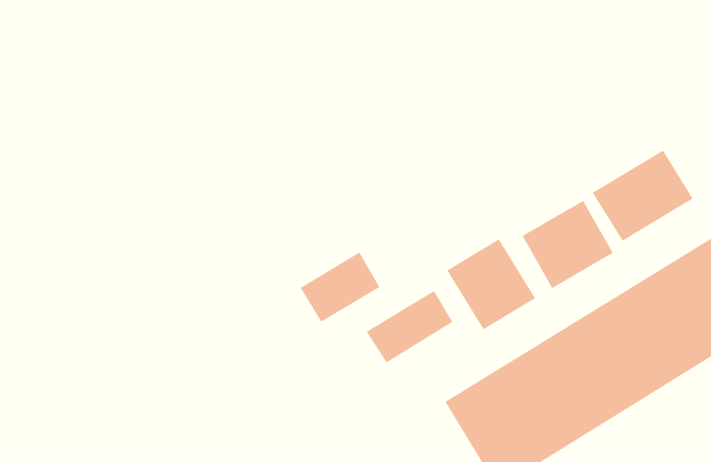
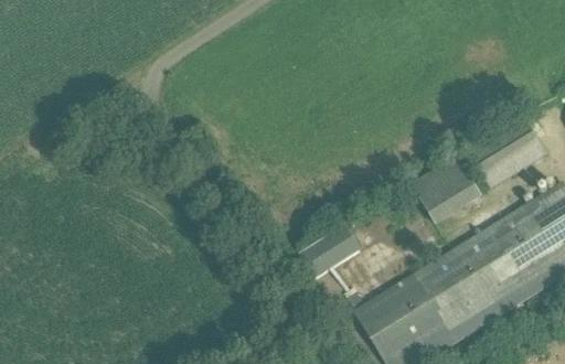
building: [447,239,536,330] -> none
building: [300,252,380,322] -> none

